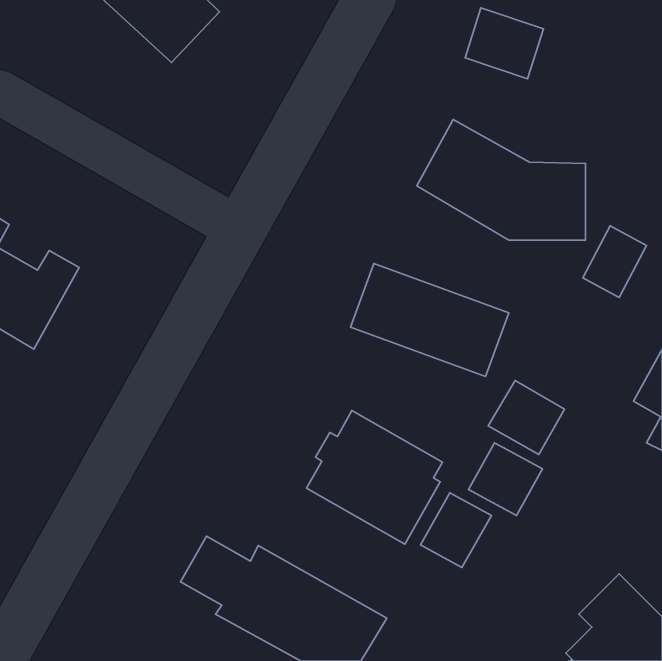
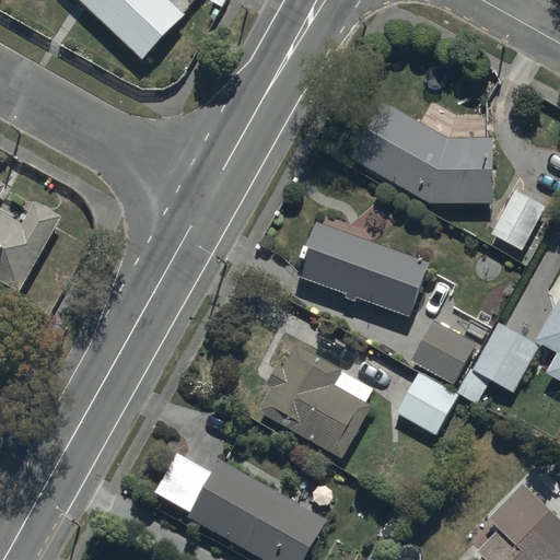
building: [465,8,543,79] -> none
building: none -> [455,322,539,404]
building: [420,493,491,568] -> none

